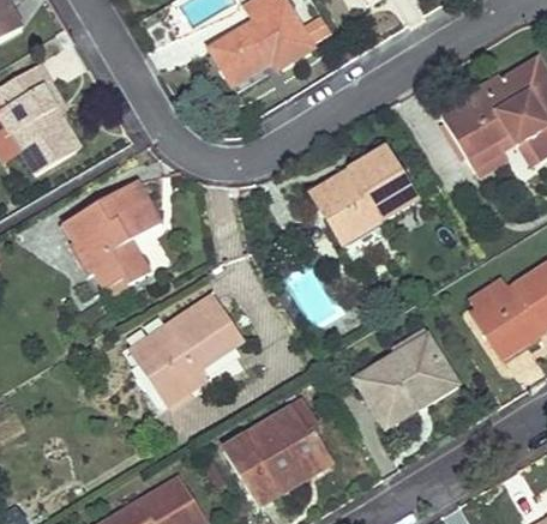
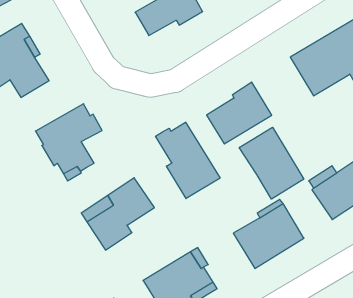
building: none -> [156,122,220,199]
building: none -> [239,127,304,199]

